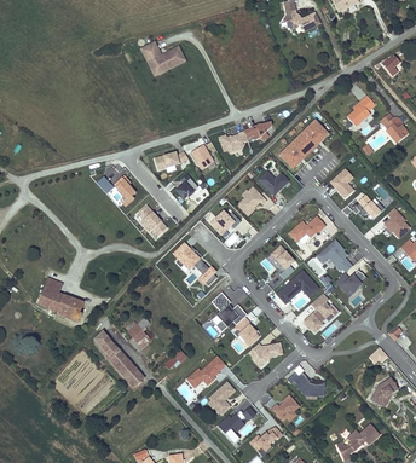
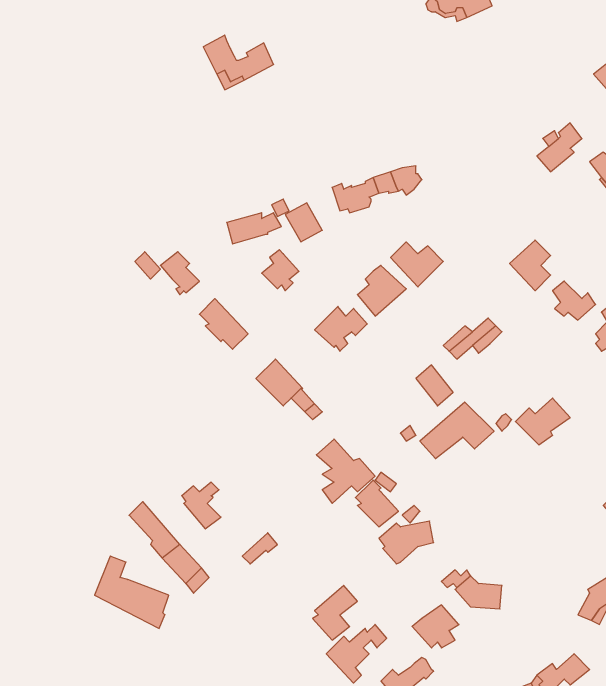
building: [281,120,330,169] -> none
building: [314,238,352,272] -> none
building: [37,278,83,323] -> [95,556,169,628]
building: [302,293,340,332] -> none
building: [186,355,227,388] -> none

